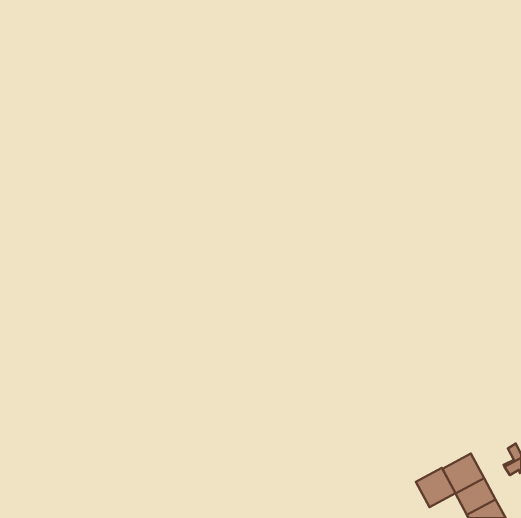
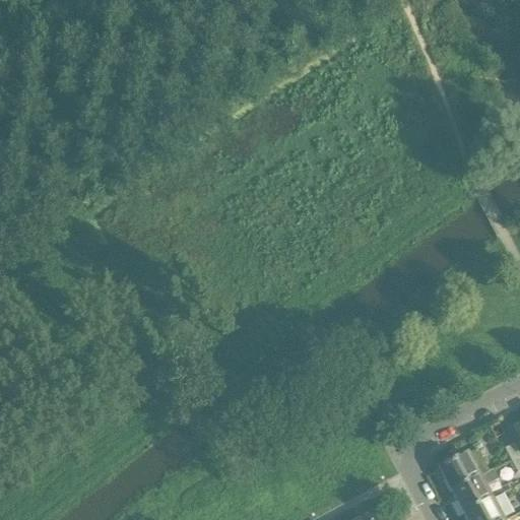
building: [416,468,455,507] -> none

